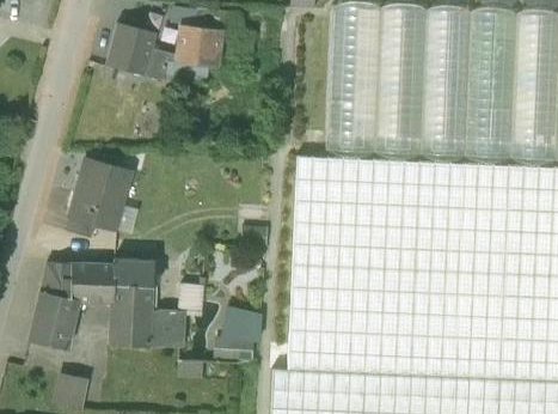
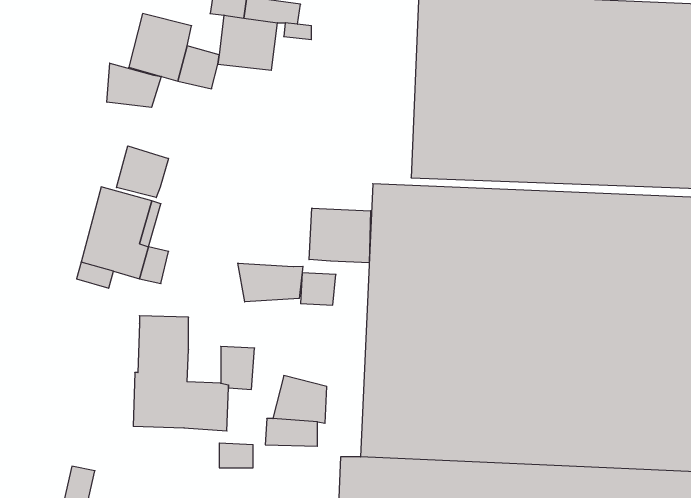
building: none -> [107,63,161,107]
building: none -> [117,146,168,198]
building: none -> [309,208,370,263]
building: none -> [238,263,303,302]
building: [30,264,115,351] -> none

